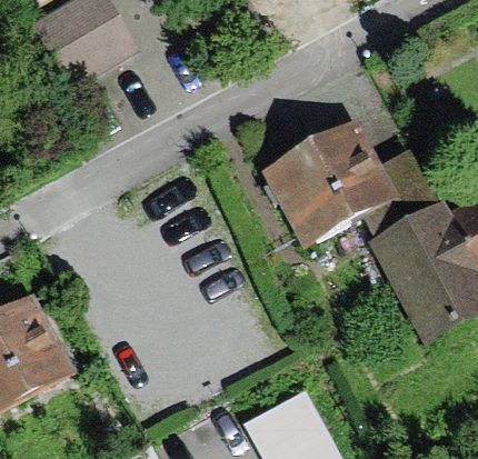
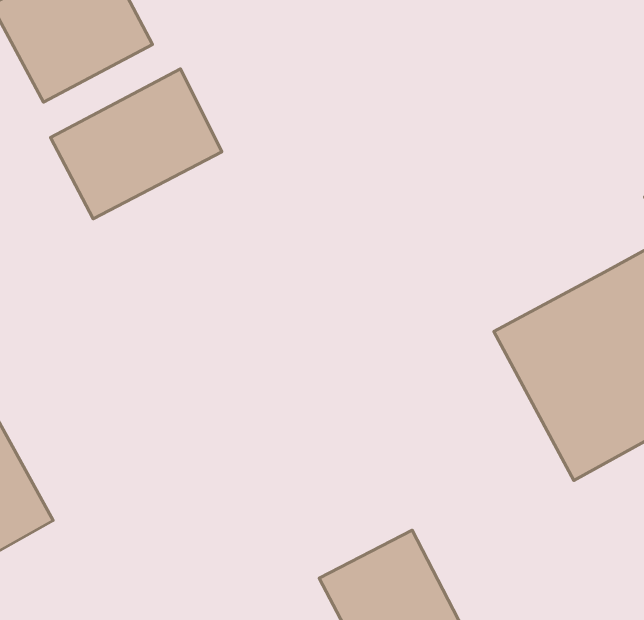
building: none -> [50,69,222,219]
building: [270,121,431,252] -> none

